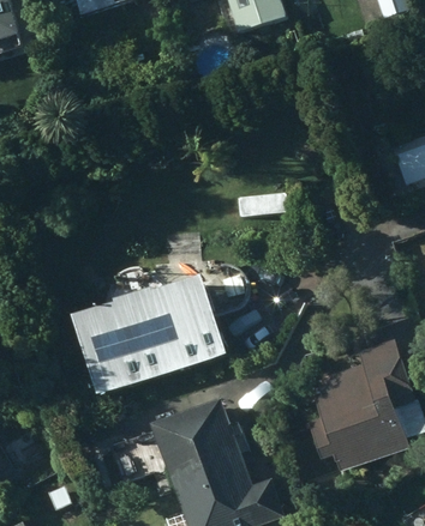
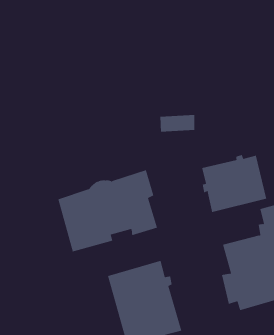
building: none -> [201,154,267,213]

